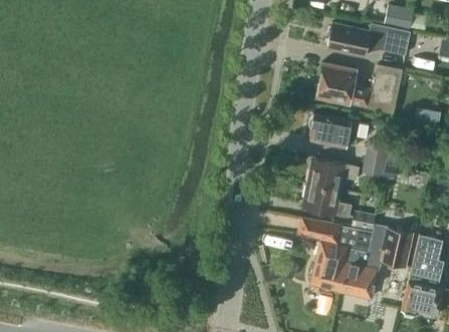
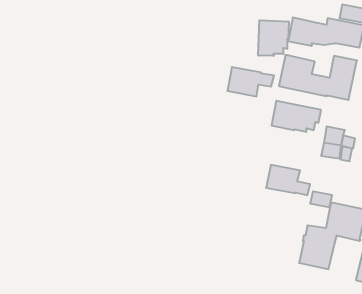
building: none -> [258,20,289,56]
building: [307,157,359,190] -> [227,67,274,96]
building: [297,218,372,291] -> none

